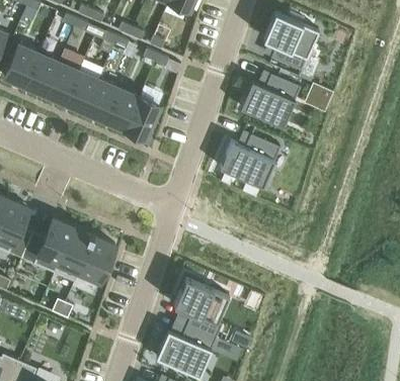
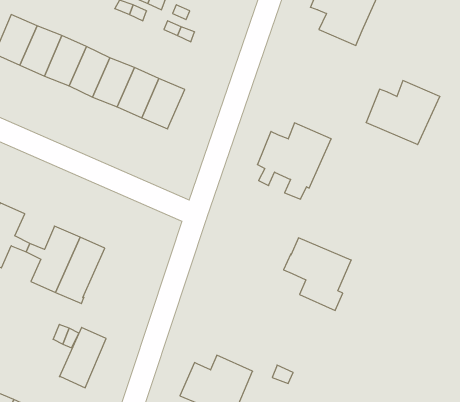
building: [240,74,301,126] -> [366,81,440,145]
building: [76,236,114,286] -> [59,327,106,388]
building: [173,278,229,338] -> [284,238,351,310]

